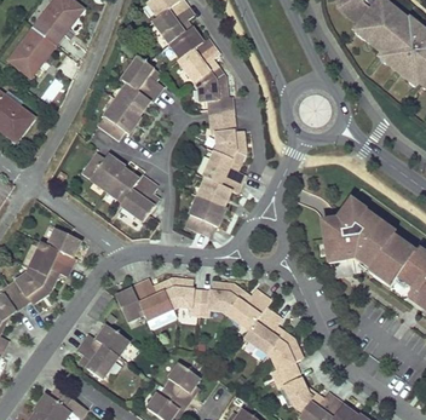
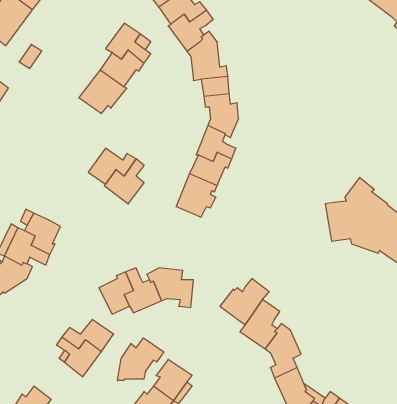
building: [80,151,125,192] -> none
building: [200,284,246,316] -> none
building: none -> [118,338,164,381]

